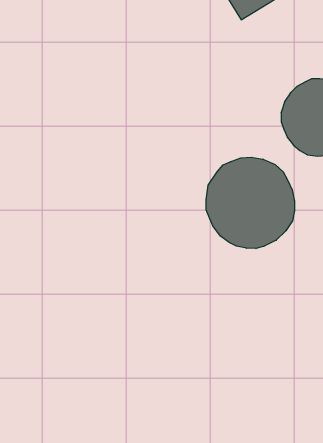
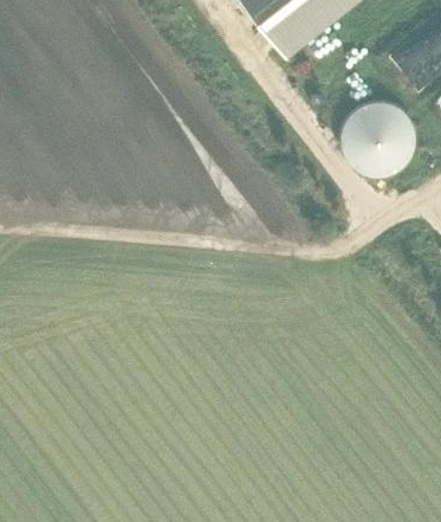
building: [206,157,294,249] -> none

